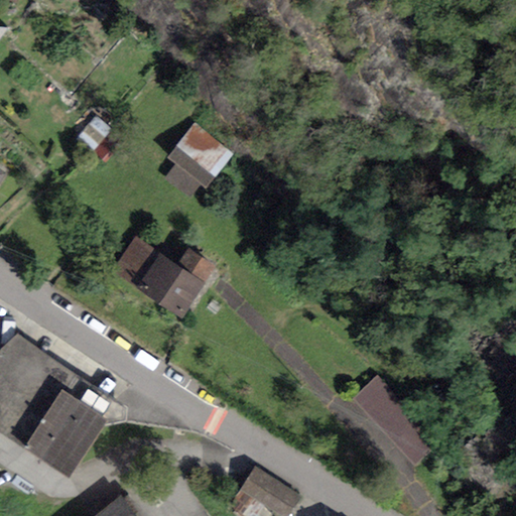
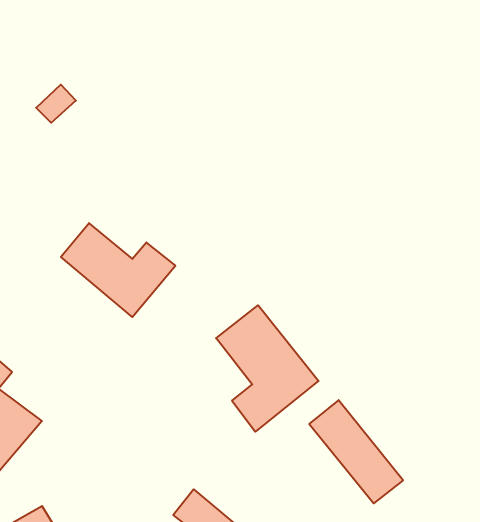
building: [165,123,233,204] -> none
building: none -> [216,305,319,432]

